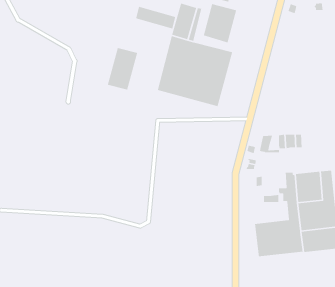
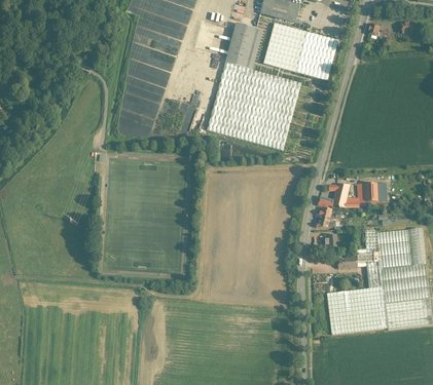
building: [135,6,176,29] -> none
building: none -> [294,31,337,80]
building: [107,47,138,91] -> none

